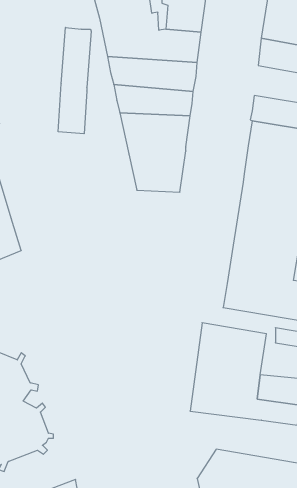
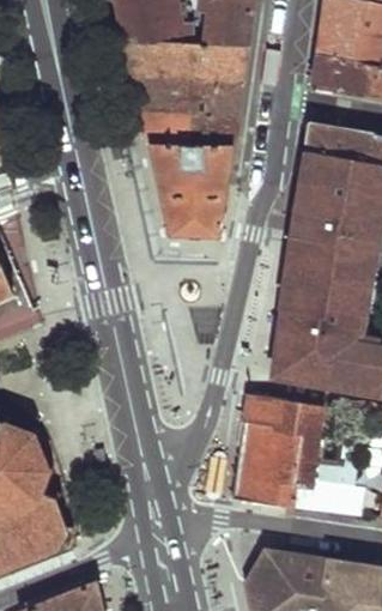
building: [58,27,91,134] -> none

